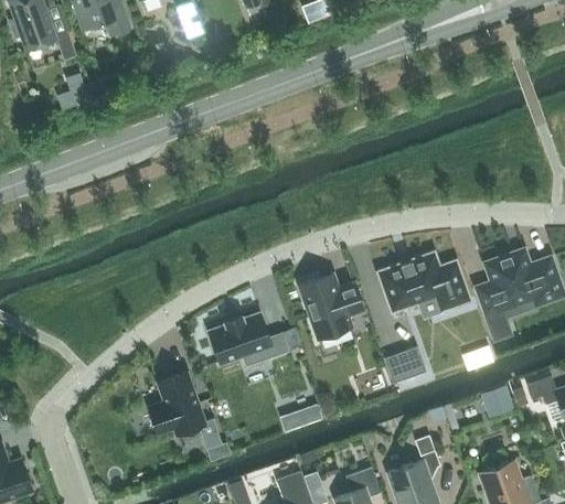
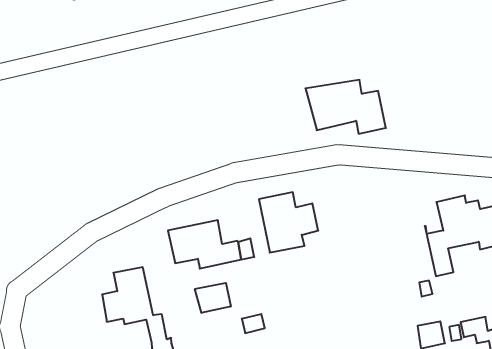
building: [379,255,468,313] -> [305,80,386,134]
building: [384,346,427,384] -> none
building: none -> [195,283,231,313]

